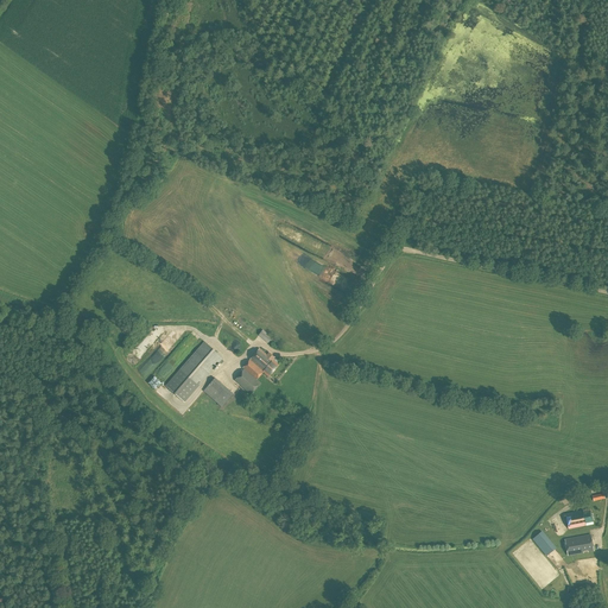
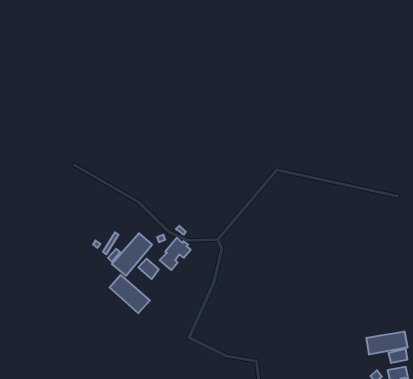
building: none -> [110,275,150,313]
building: none -> [366,331,407,355]

